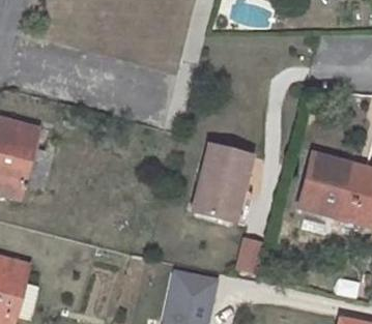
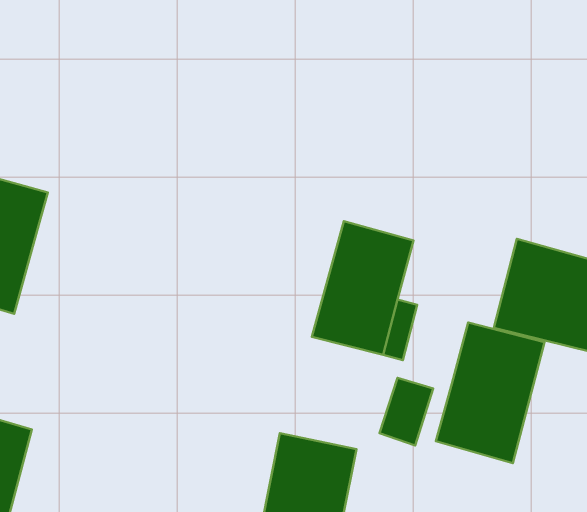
building: none -> [436,323,544,463]

